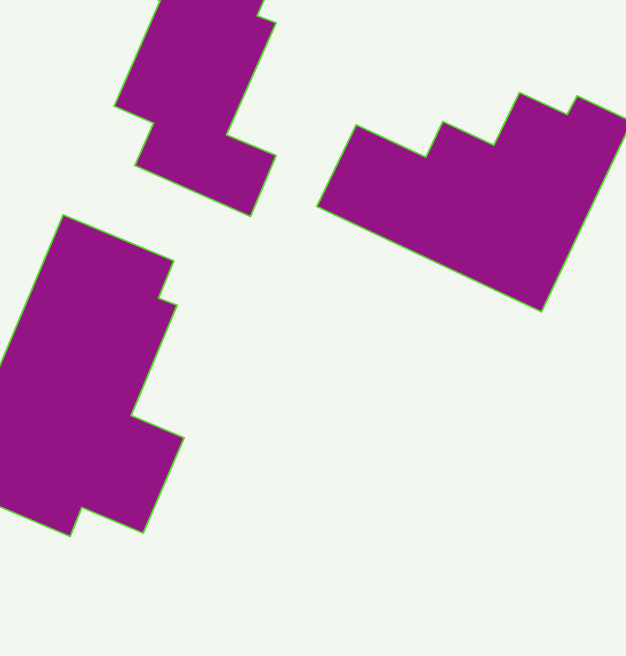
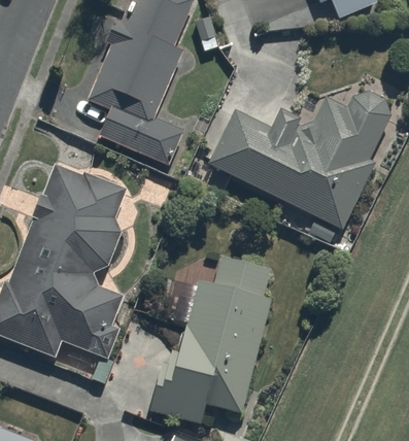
building: none -> [158,263,274,427]

